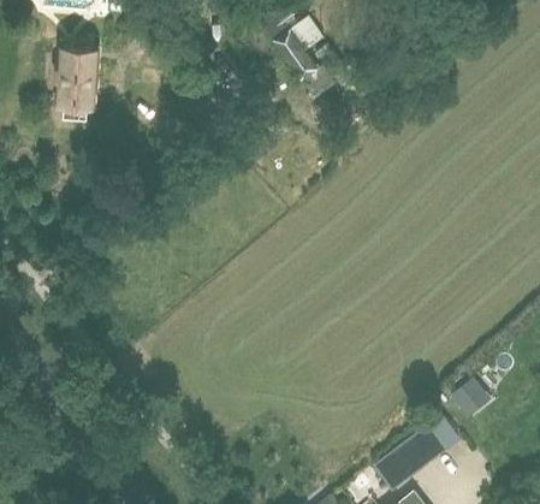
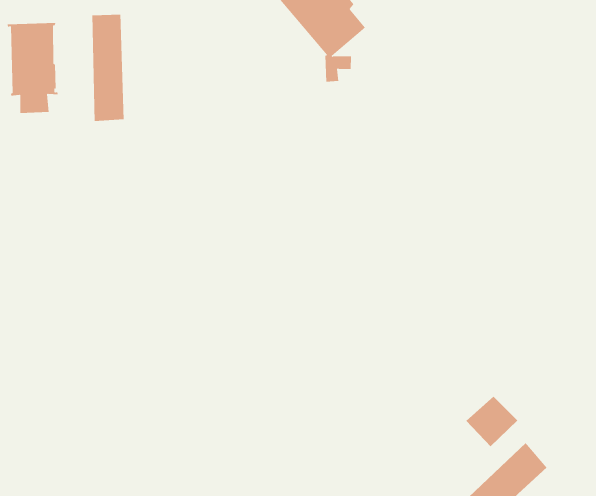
building: none -> [92,14,124,122]
building: [449,376,491,417] -> [466,396,518,447]

